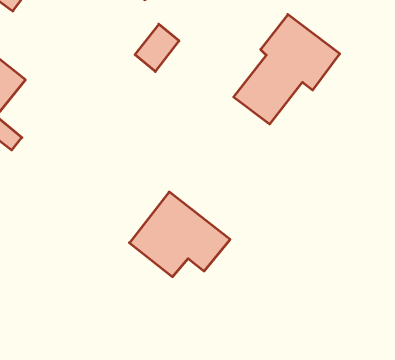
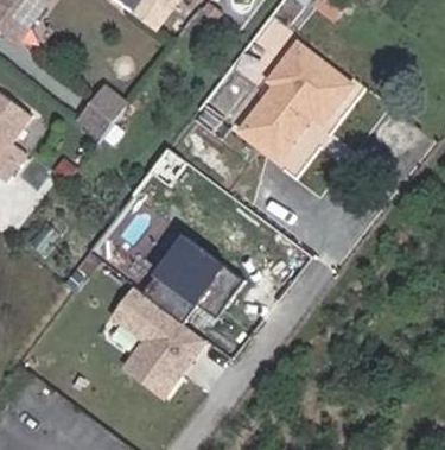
building: [135,24,179,72] -> [80,90,126,140]
building: none -> [107,284,208,400]

